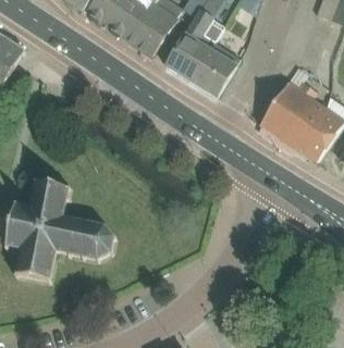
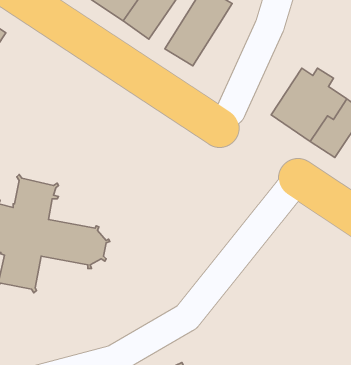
building: [191,42,241,97] -> none

